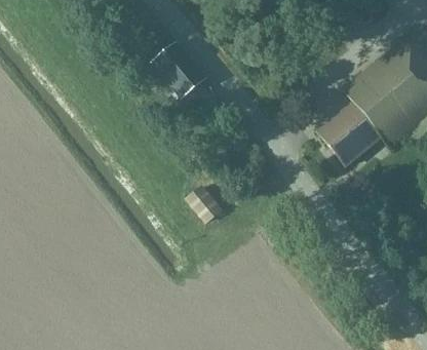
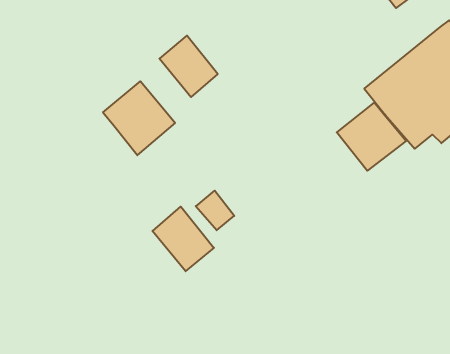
building: none -> [103,81,175,155]
building: none -> [152,207,214,271]

